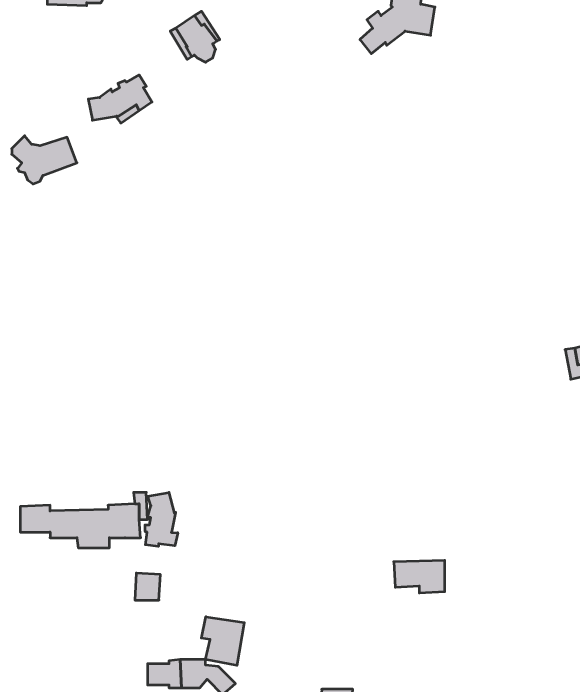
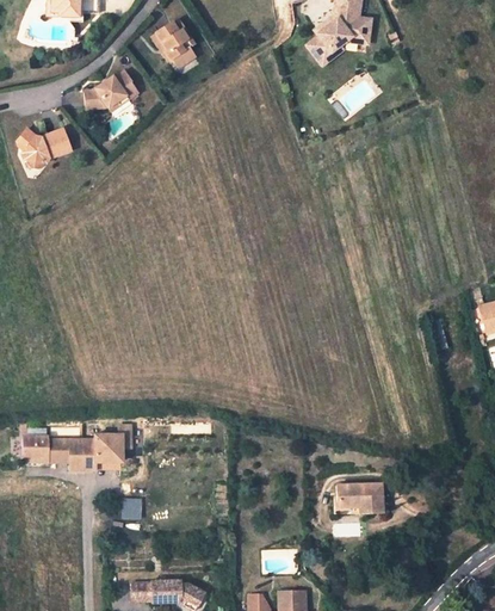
building: [145,492,178,546] -> none
building: [201,617,244,665] -> none

